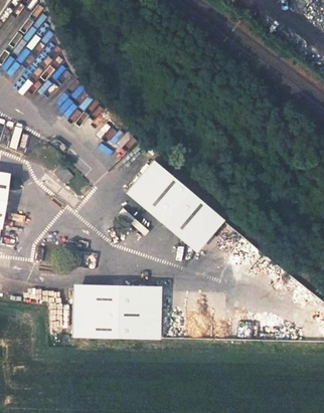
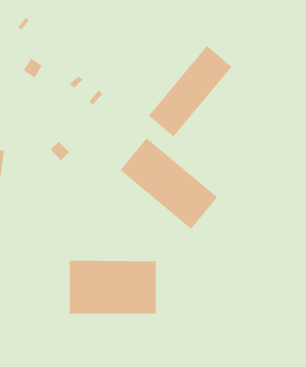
building: none -> [148,45,232,138]

